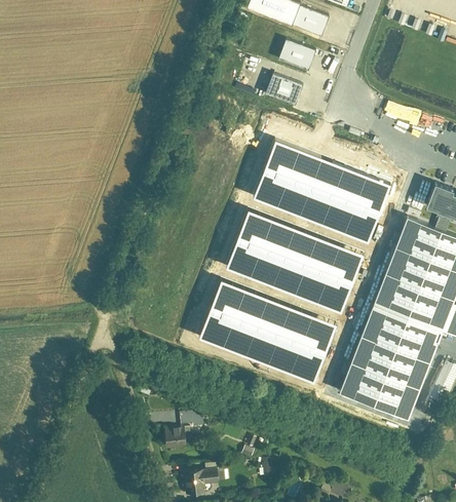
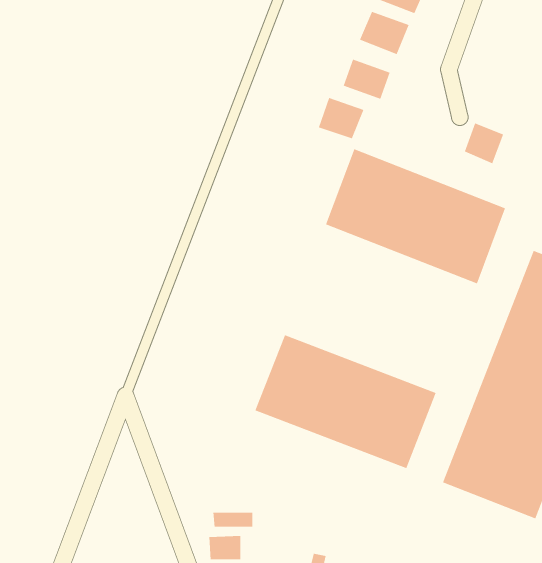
building: none -> [318,97,364,139]
building: none -> [464,123,504,164]
building: [225,210,363,312] -> none

